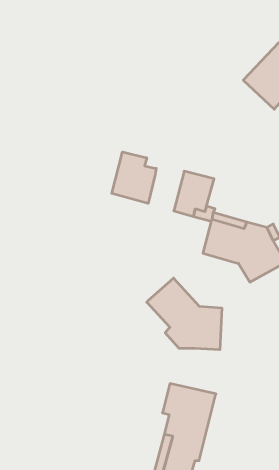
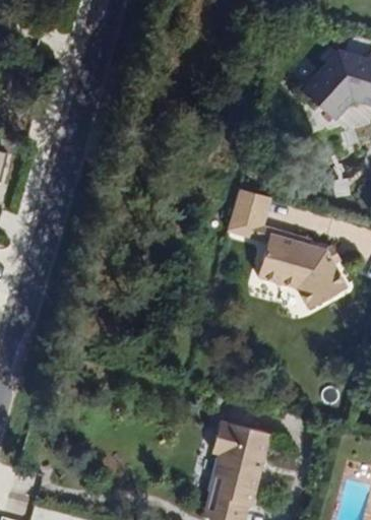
building: [112,152,156,203] -> none
building: [147,278,222,350] -> none

